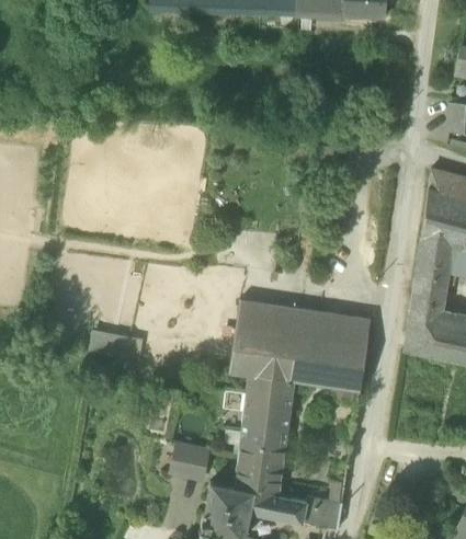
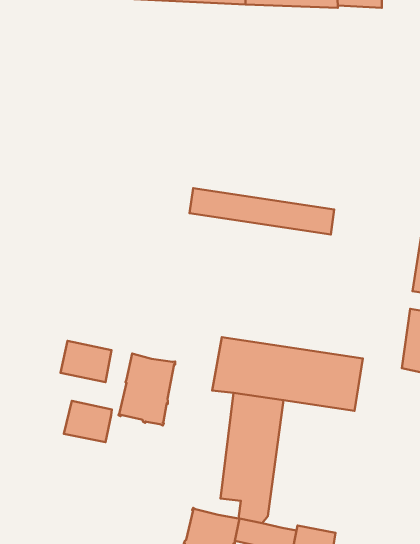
building: [238,299,372,342] -> [190,188,334,234]
building: none -> [118,353,175,426]
building: none -> [64,401,112,442]
building: [171,443,208,479] -> none

